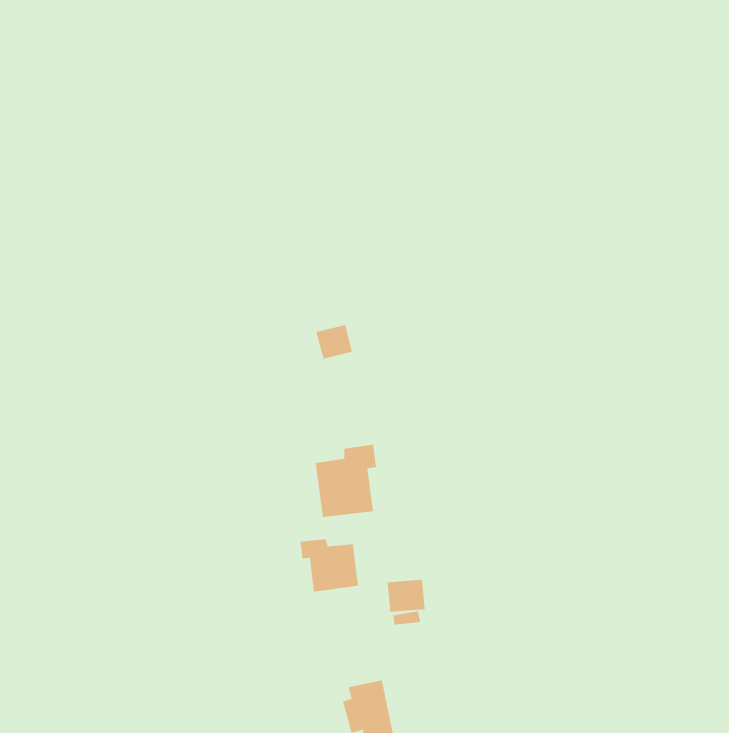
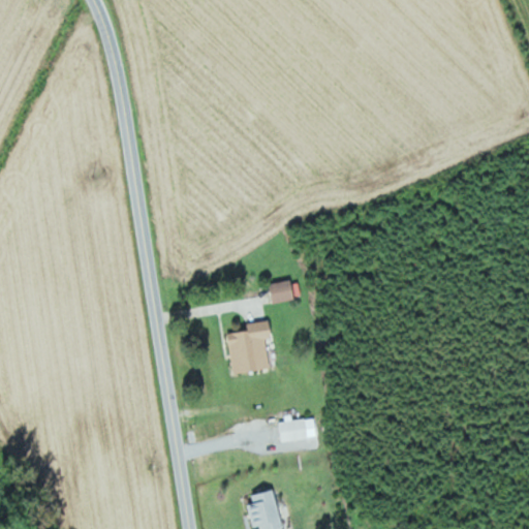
building: [316,325,353,359] -> [268,279,294,304]
building: [300,538,358,592] -> none

